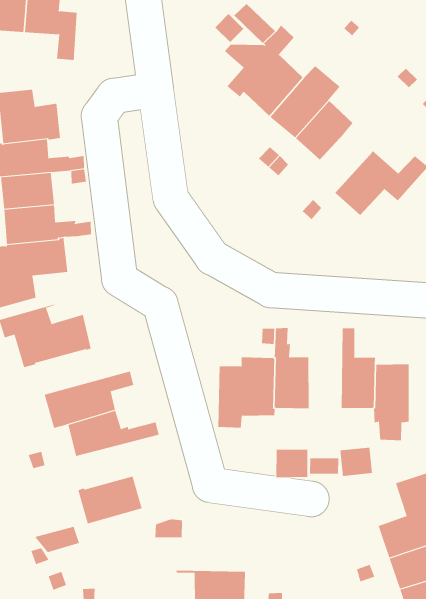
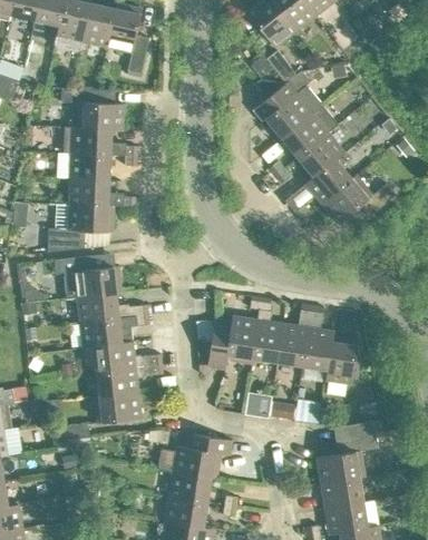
building: none -> [305,160,352,204]
building: none -> [279,304,312,366]
building: none -> [78,293,148,322]
building: none -> [97,365,164,397]
building: none -> [159,433,233,480]

